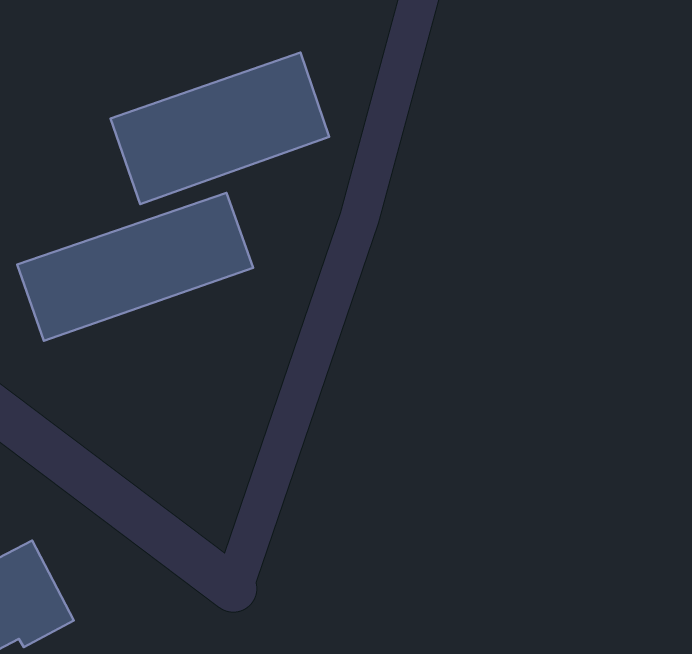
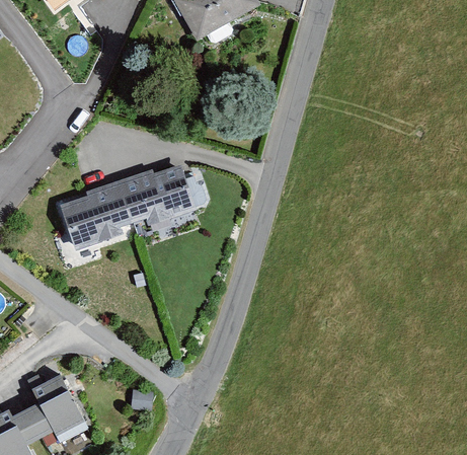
building: [110,53,329,204] -> none

